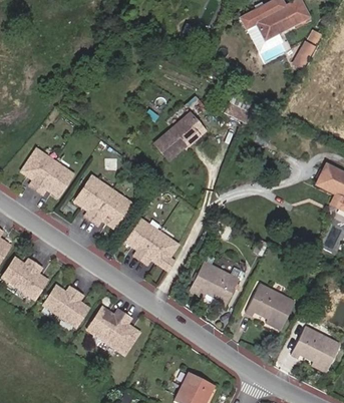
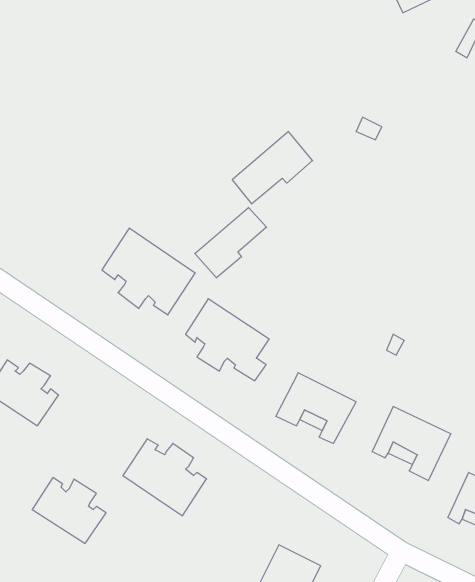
building: [22,147,74,194] -> none
building: none -> [195,207,267,278]
building: [44,284,90,325] -> [32,477,106,543]

